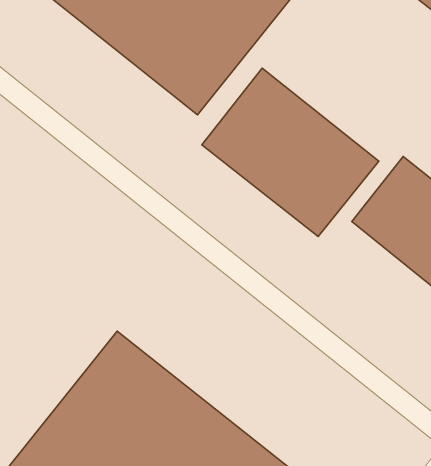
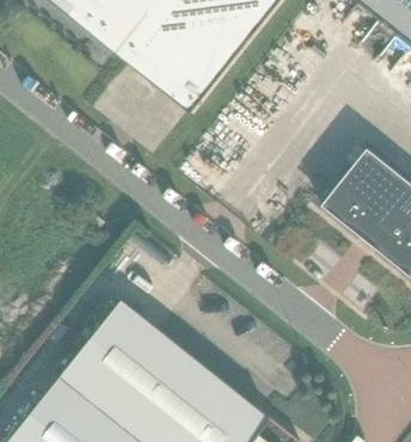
building: [202,68,379,236] -> none

